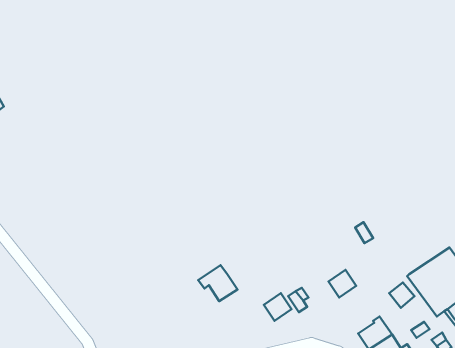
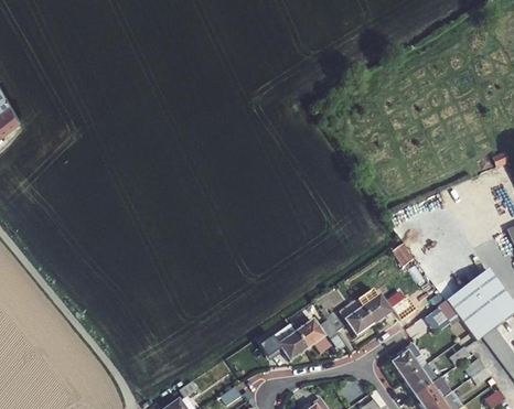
building: [198,265,237,301] -> [266,323,307,360]
building: none -> [339,299,374,336]

